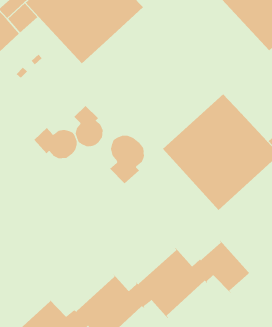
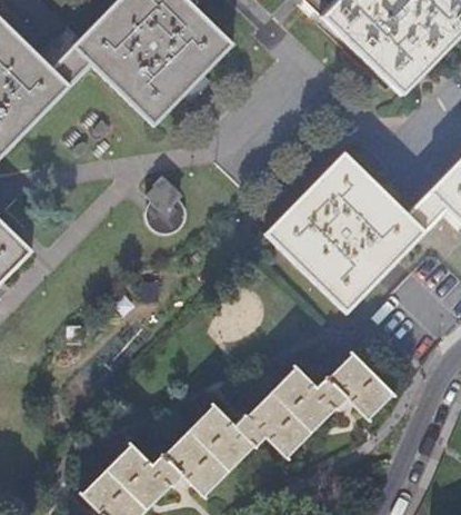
building: [33,127,77,159] -> none
building: [109,135,144,184] -> none

